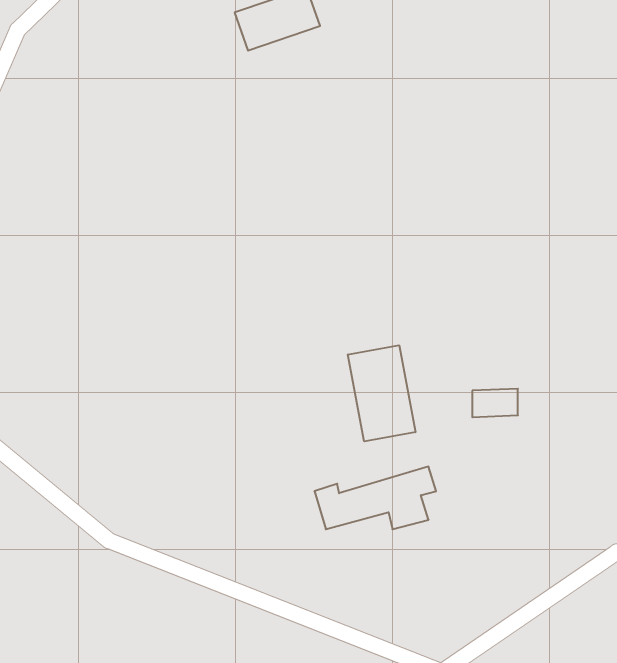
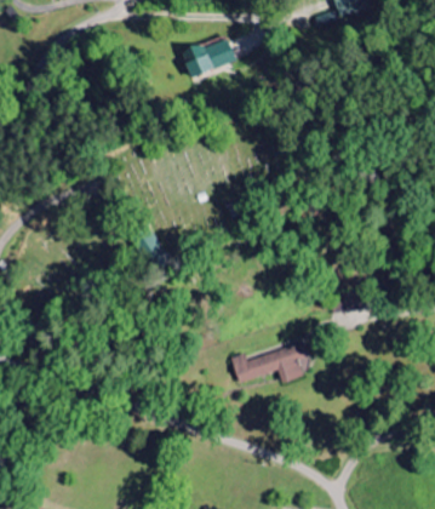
building: [348,345,415,441] -> none

